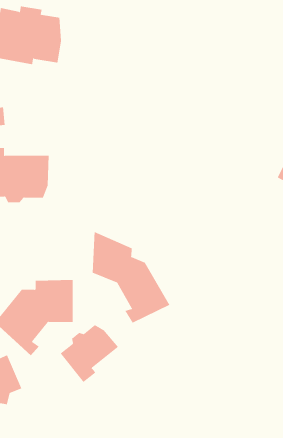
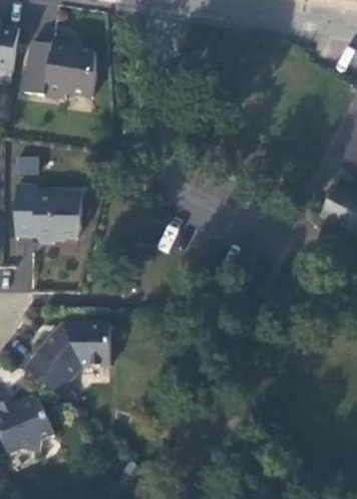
building: [92,231,170,324] -> none
building: [60,324,119,383] -> none

